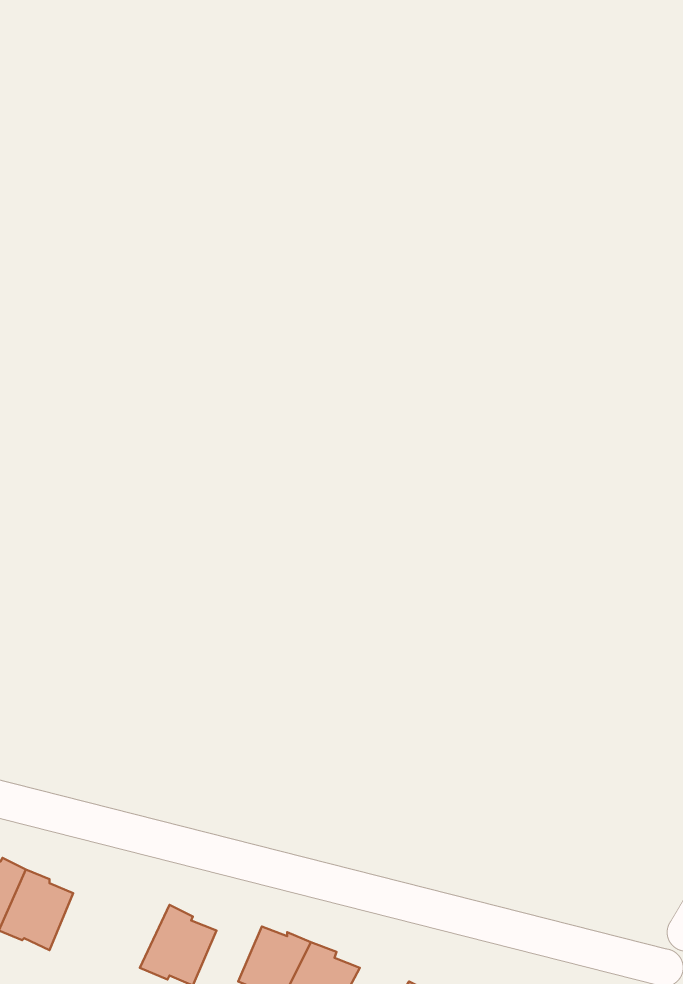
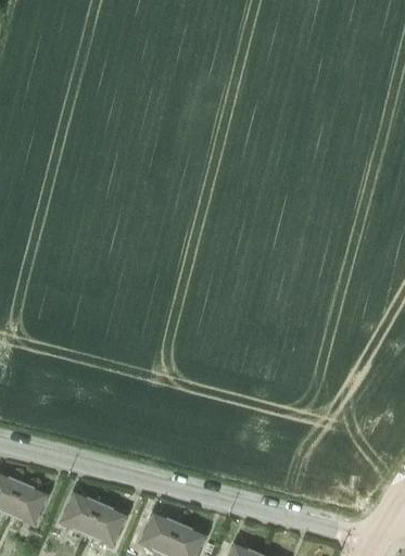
building: none -> [61,494,102,538]

